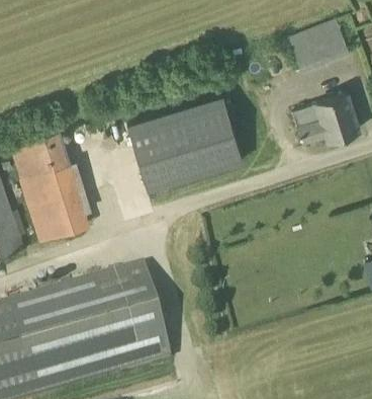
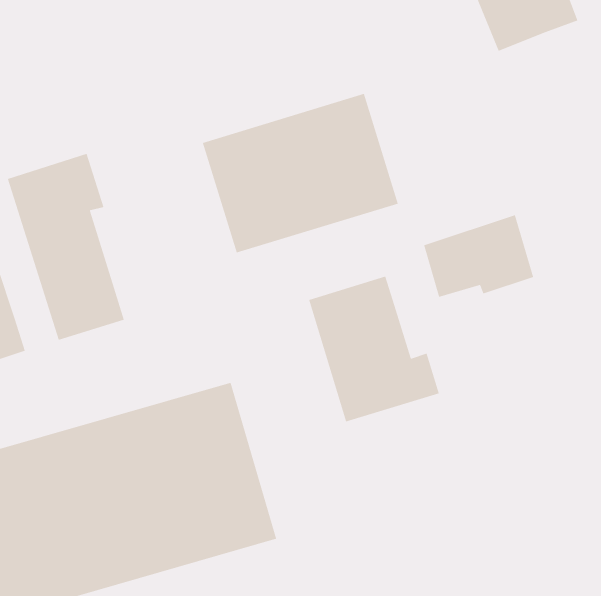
building: [292,92,358,142] -> [423,214,534,298]
building: none -> [308,275,440,422]

